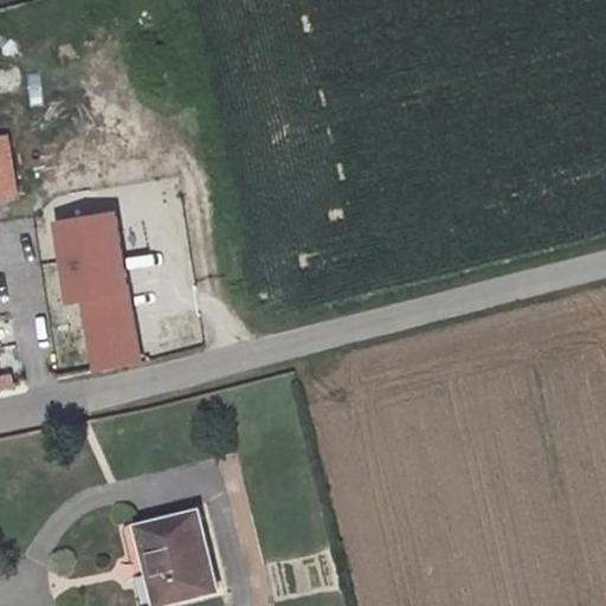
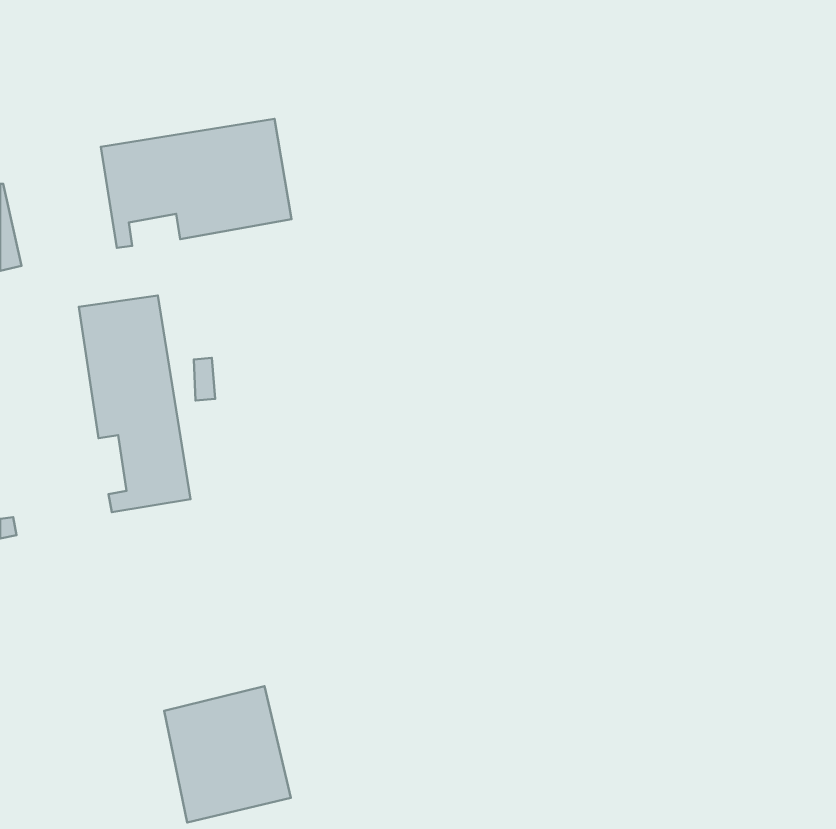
building: none -> [101,119,292,248]

